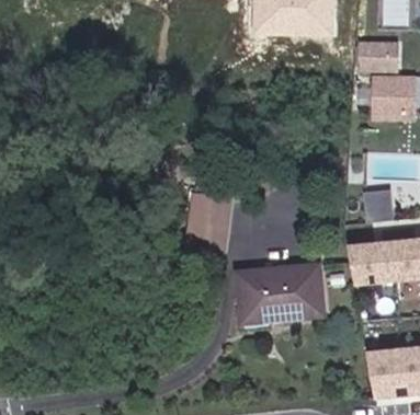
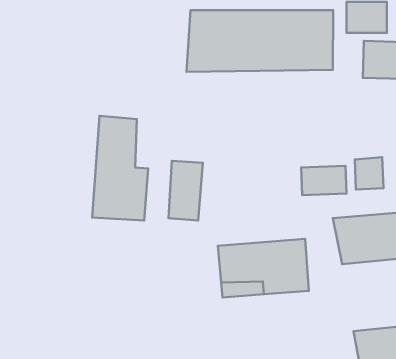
building: none -> [187,10,333,72]
building: none -> [92,116,148,221]
building: none -> [301,166,347,195]

